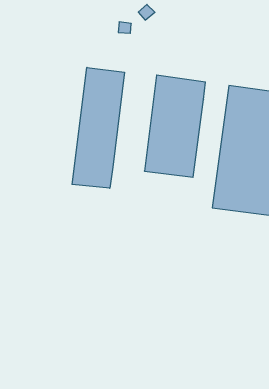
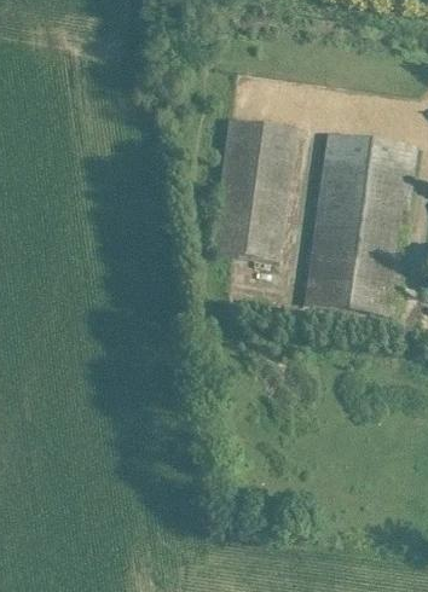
building: [72,67,124,188] -> none

